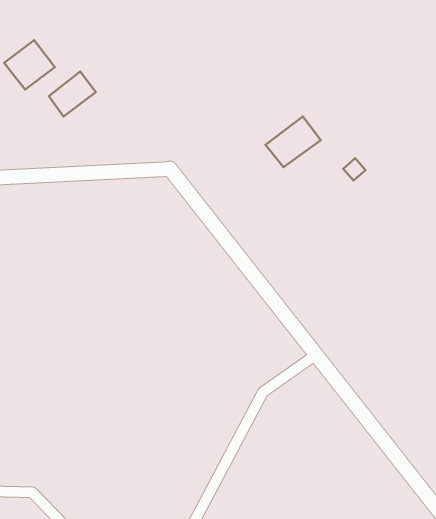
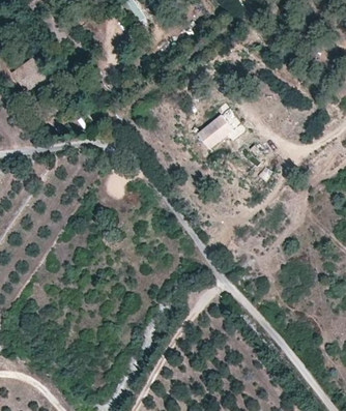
building: [49,72,96,116] -> none

